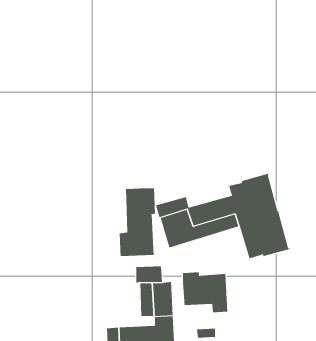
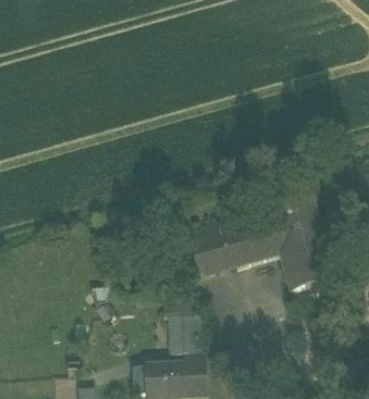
building: [119,188,155,257] -> none
building: [182,271,228,313] -> none

